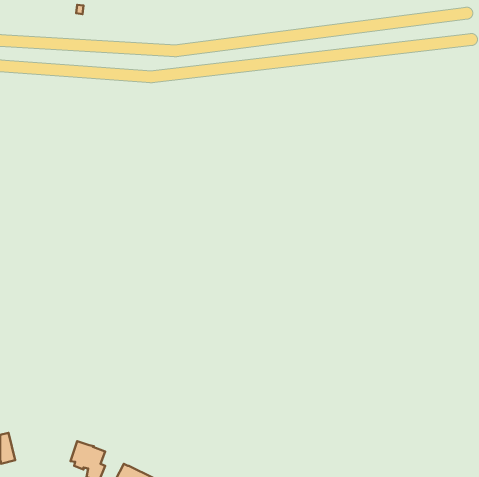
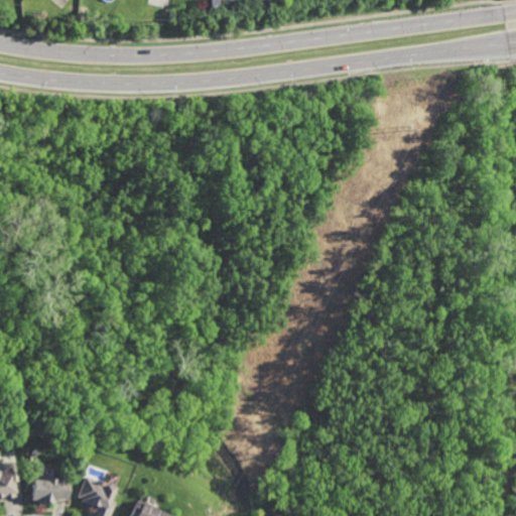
building: none -> [30,476,70,503]

